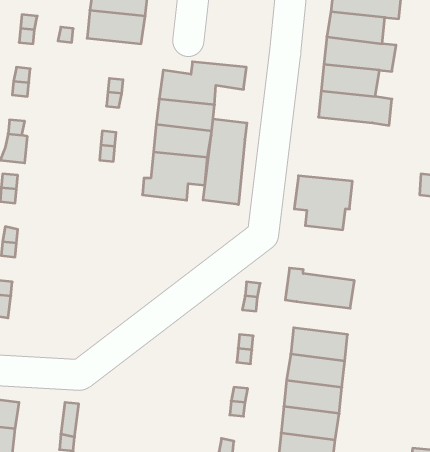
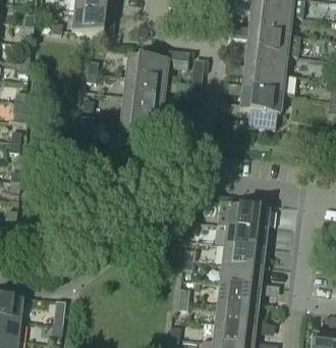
building: [203,119,247,205] -> none
building: [294,176,352,230] -> [239,89,282,129]
building: none -> [224,225,266,249]

